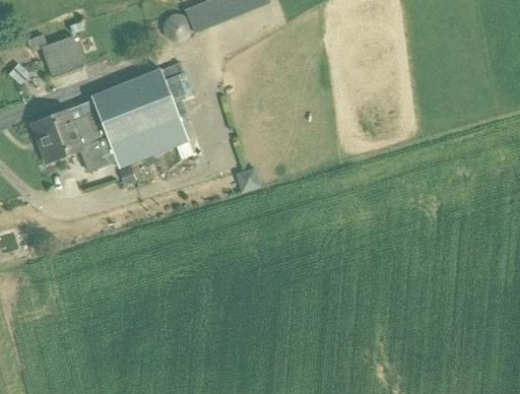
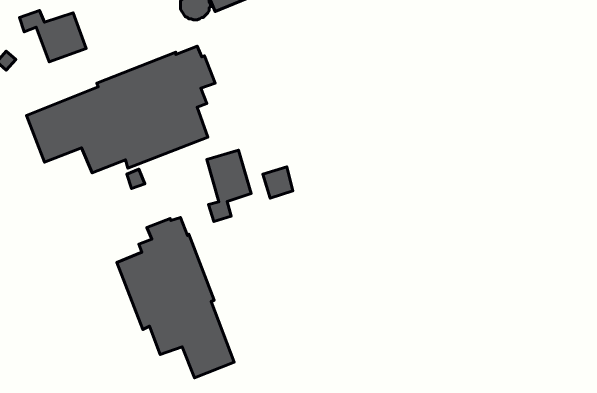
building: none -> [207,150,251,221]
building: none -> [117,217,234,378]

